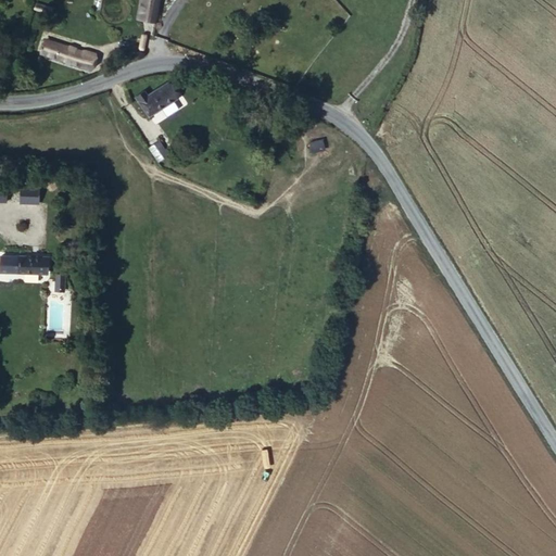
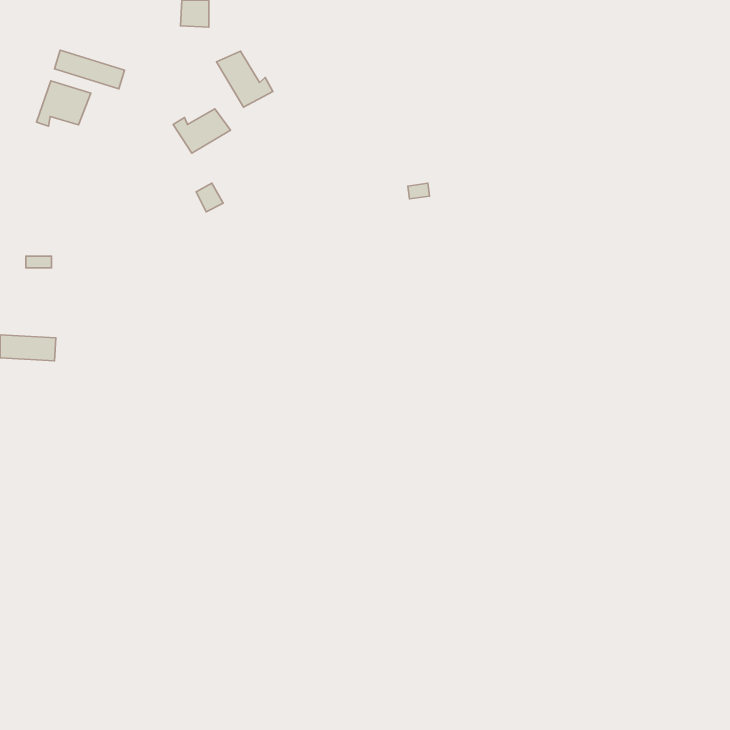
building: none -> [217,51,273,107]
building: none -> [36,81,91,126]

